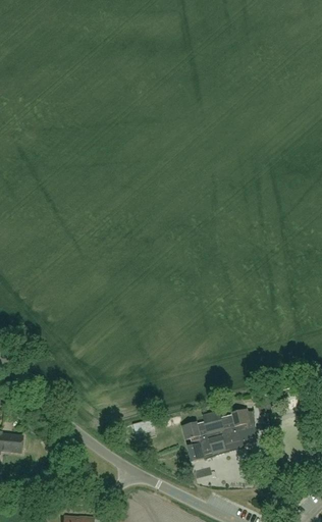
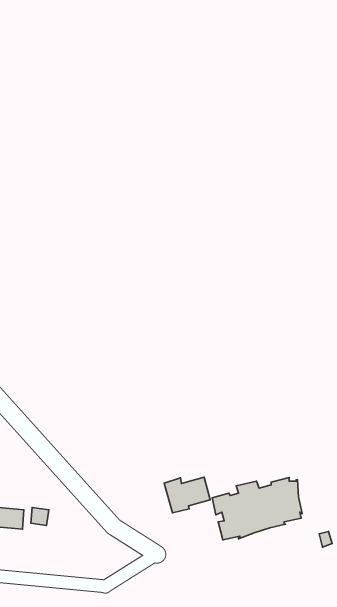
building: none -> [164,477,210,513]

